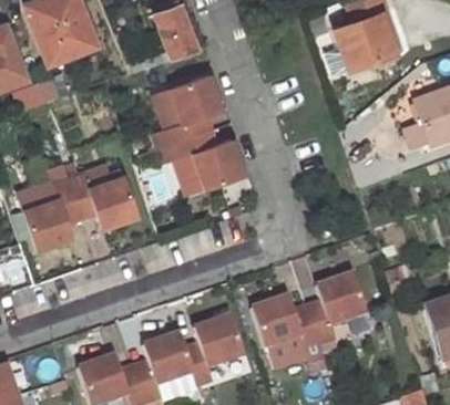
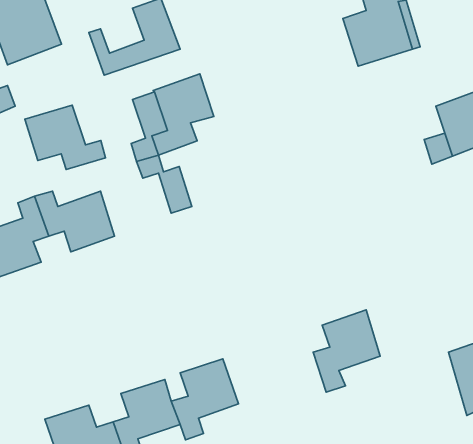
building: none -> [25,105,106,169]
building: [176,128,246,187] -> none
building: [253,295,320,349] -> none

